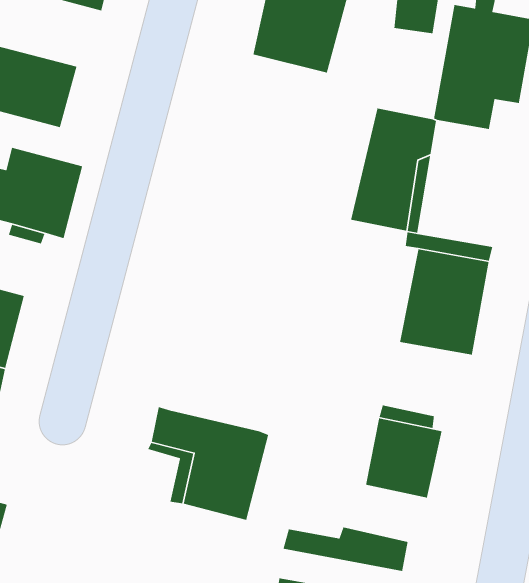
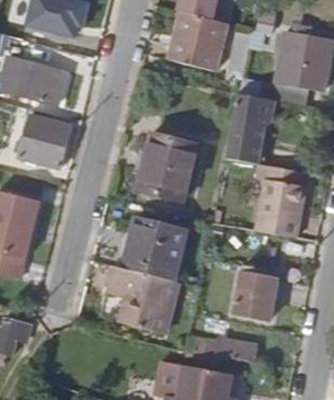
building: none -> [137,133,194,198]
building: none -> [120,218,184,281]

